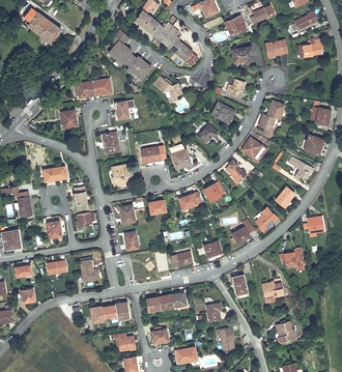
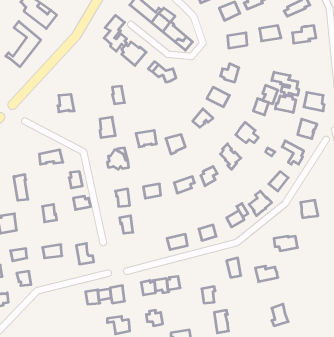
building: none -> [6,21,41,67]
building: [76,80,112,98] -> none
building: none -> [272,72,299,113]

